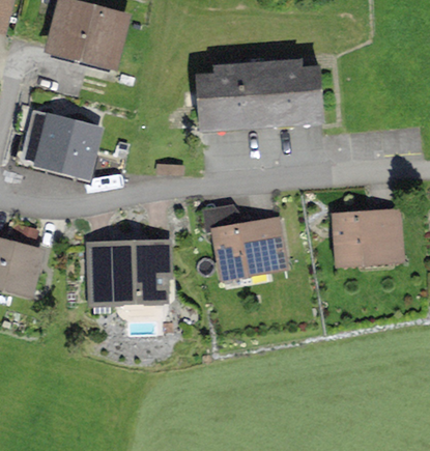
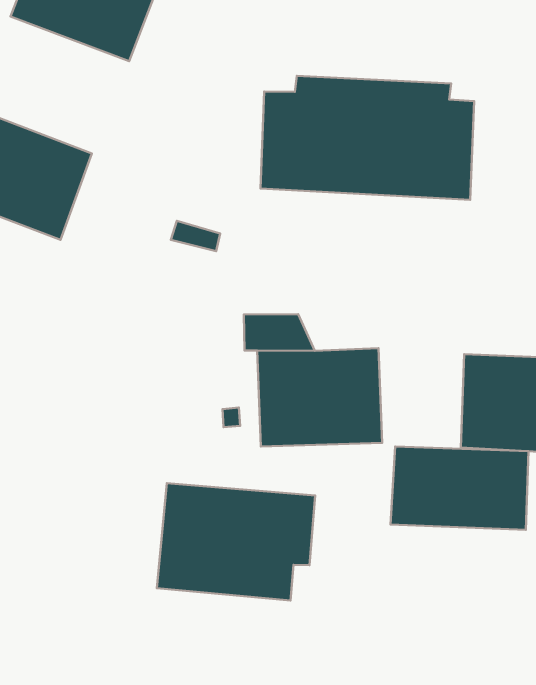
building: [86,236,174,302] -> [157,483,315,600]
building: none -> [391,446,528,530]

